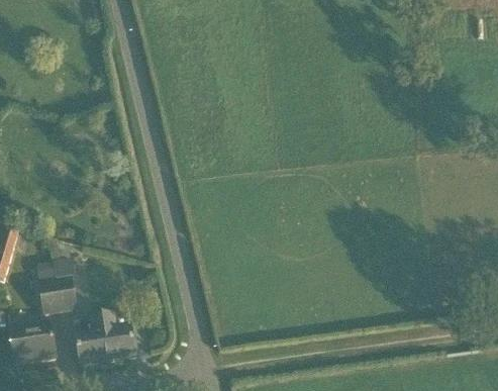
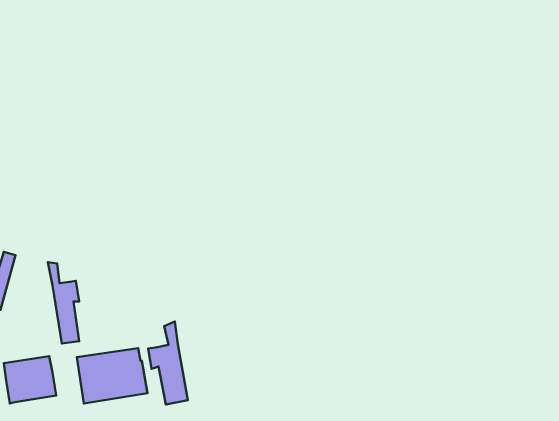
building: [34,260,59,313] -> none
building: none -> [148,322,188,404]

